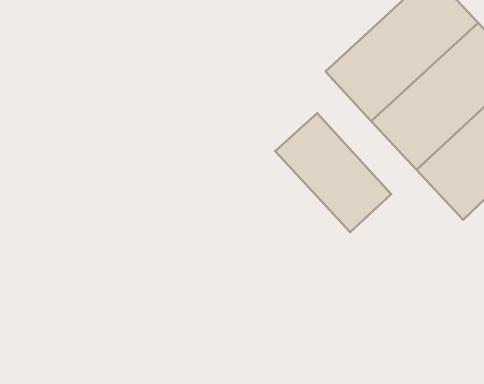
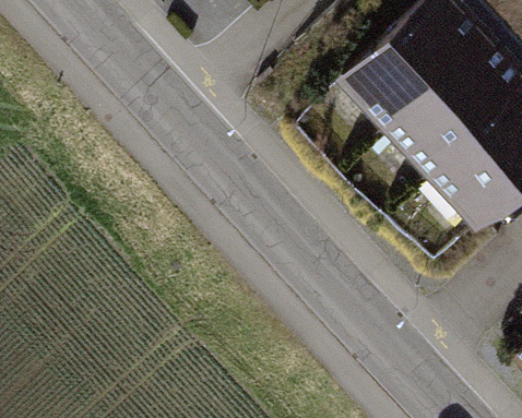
building: [275,113,391,232] -> none

